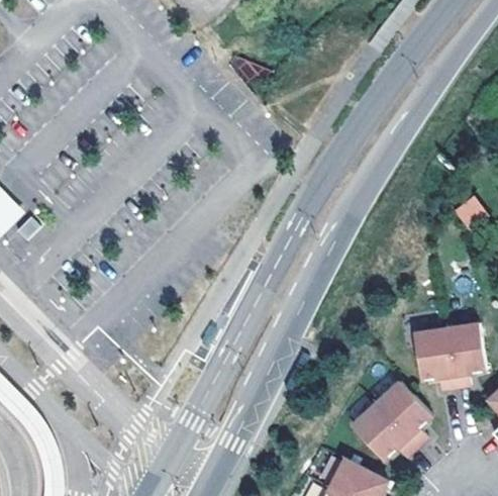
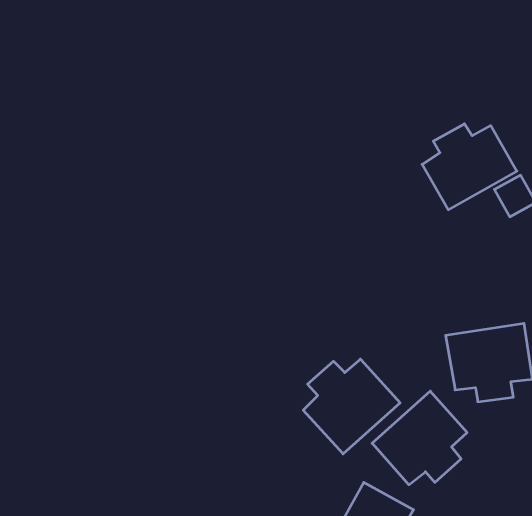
building: none -> [422,124,517,210]
building: none -> [303,359,400,454]

